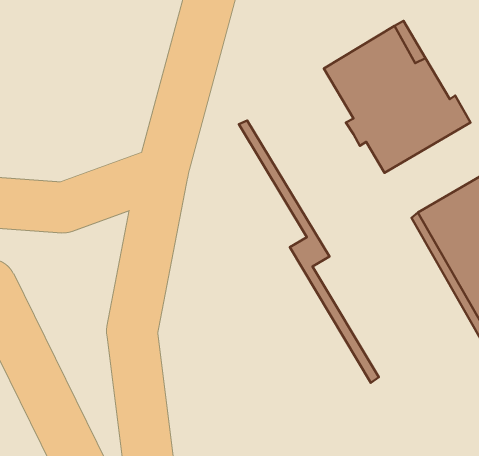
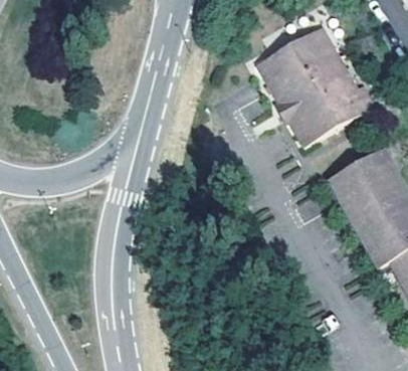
building: [239,120,379,383] -> none

